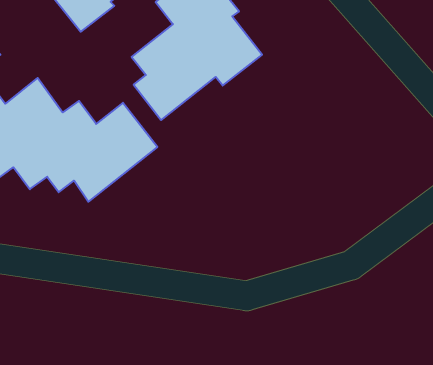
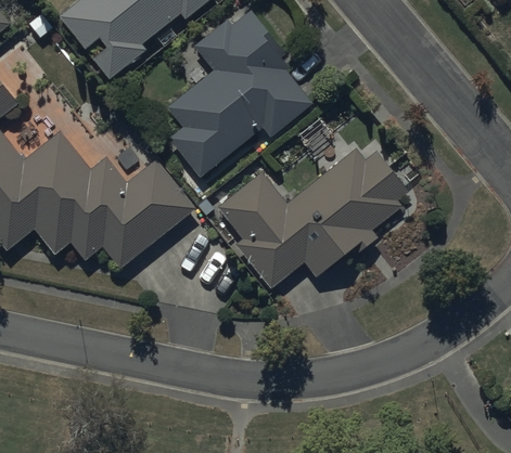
building: none -> [217,148,410,288]

